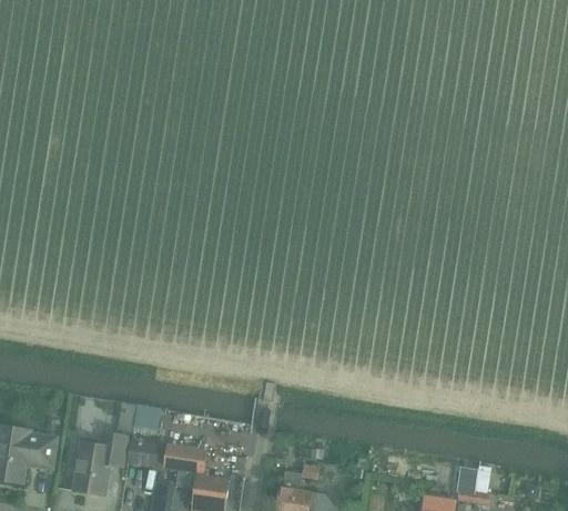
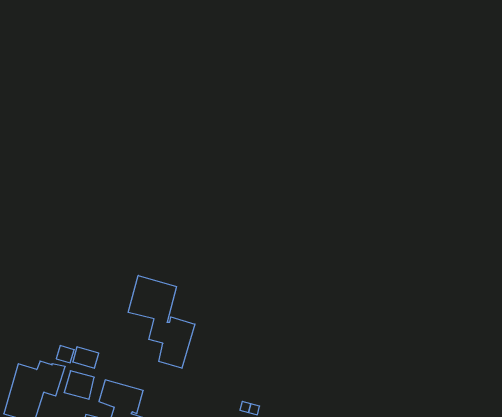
building: none -> [128,275,195,368]

